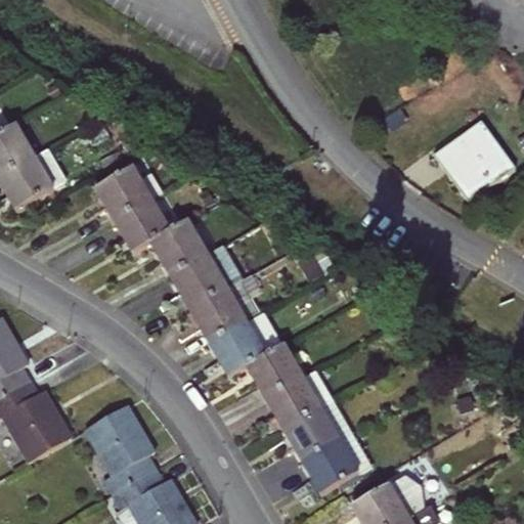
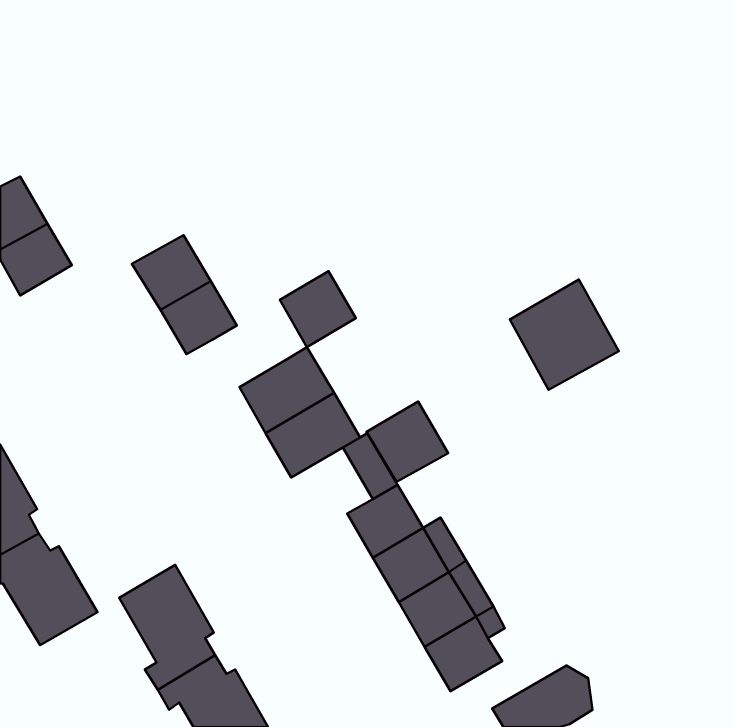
building: [427,120,505,199] -> [510,279,619,390]
building: [151,222,206,276] -> [280,271,356,347]
building: [208,319,266,377] -> [366,402,448,482]

